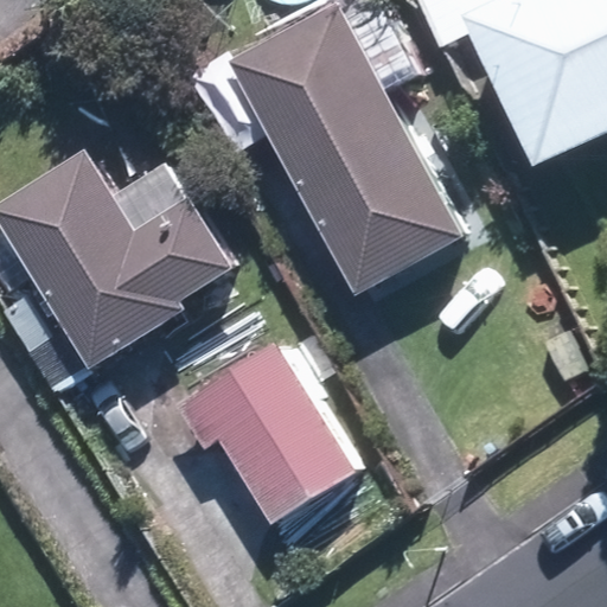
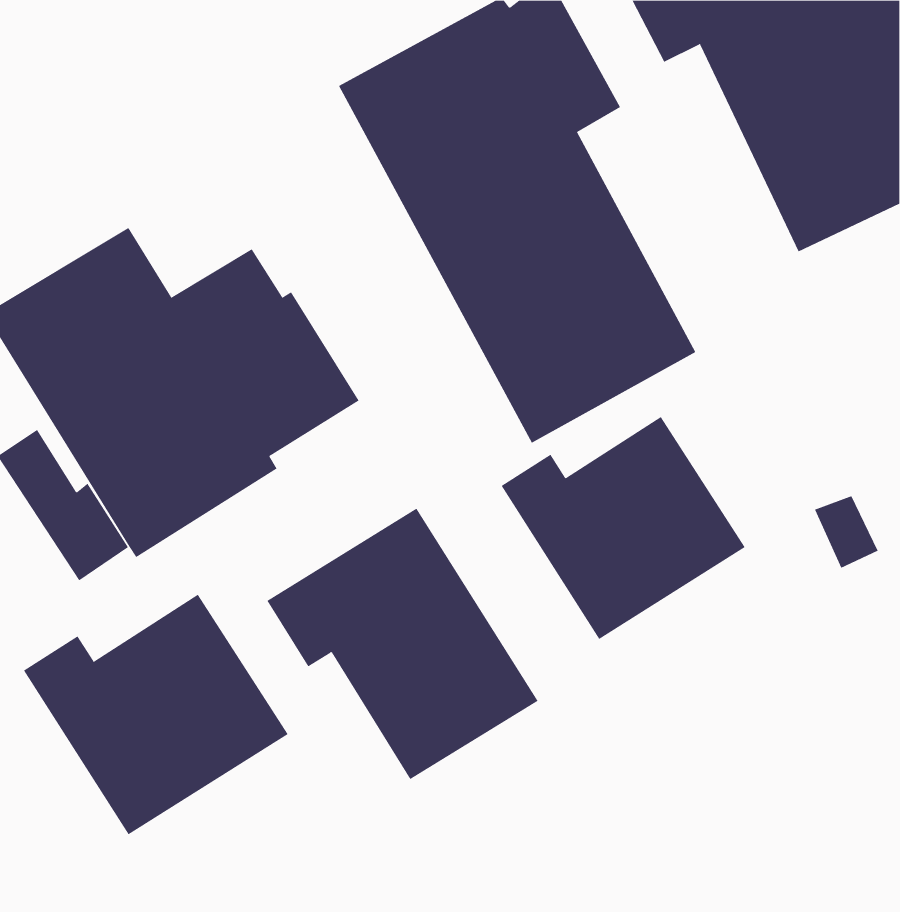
building: none -> [501,416,745,640]
building: none -> [23,594,288,835]

